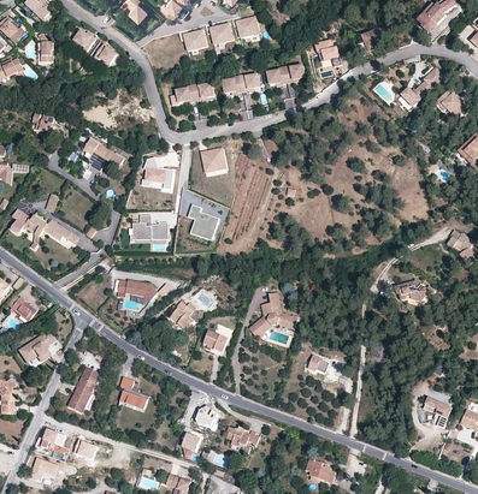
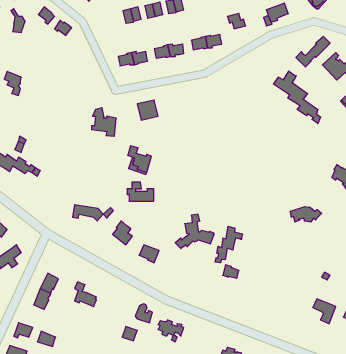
building: none -> [274,71,321,124]
building: [83,139,123,172] -> none
building: [134,215,167,239] -> [127,182,154,201]
building: none -> [215,226,242,263]

